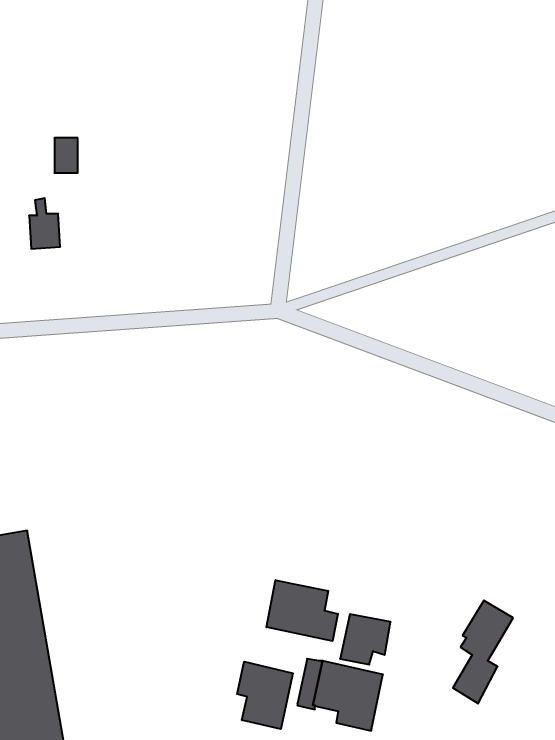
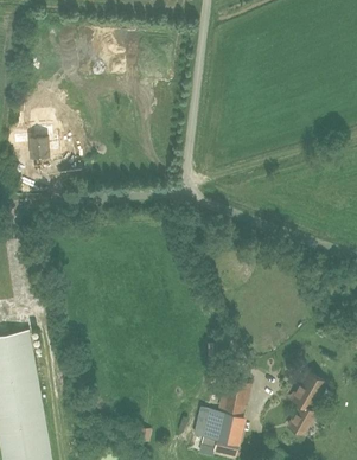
building: [266,580,338,641] -> none
building: [237,662,293,729] -> none

